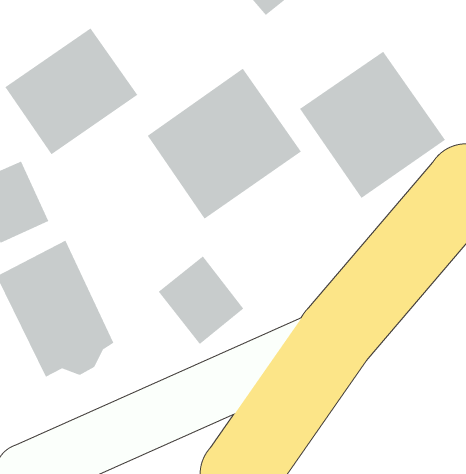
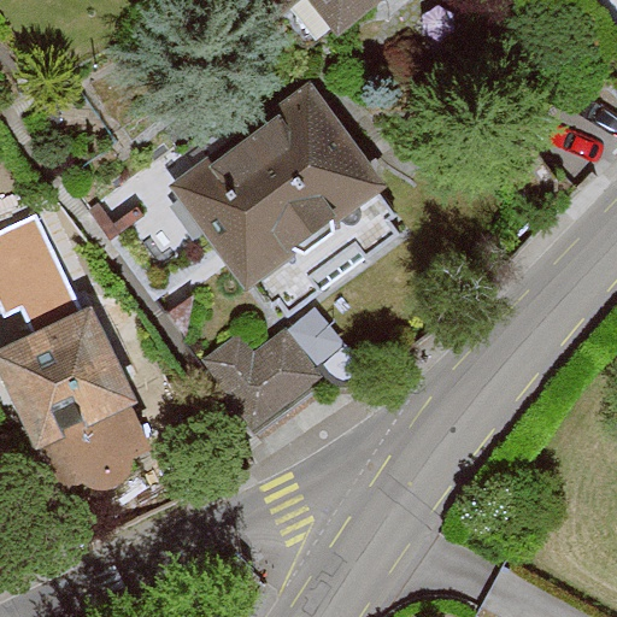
building: [4,27,138,155] -> none
building: [299,51,446,199] -> none

